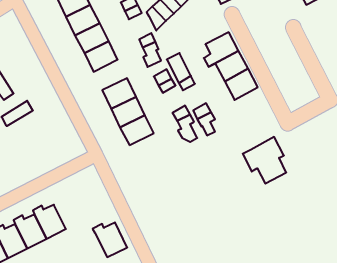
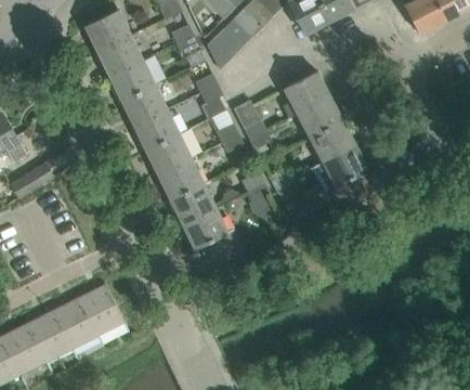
building: none -> [134,108,180,150]
building: none -> [183,207,246,273]
building: [243,137,286,184] -> [313,145,371,208]
building: [93,222,127,257] -> [78,289,125,336]

